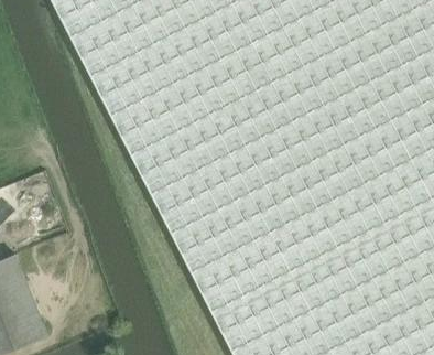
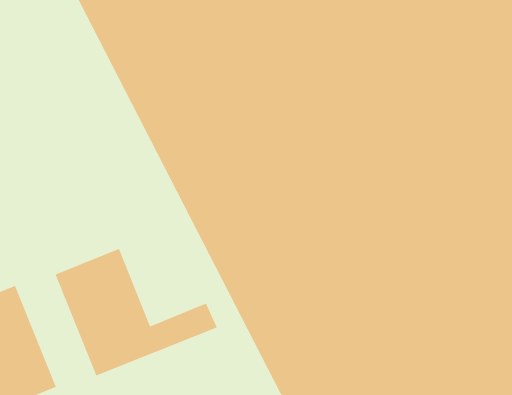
building: none -> [55,248,218,376]

